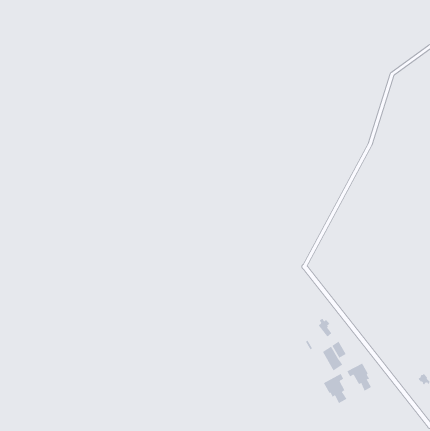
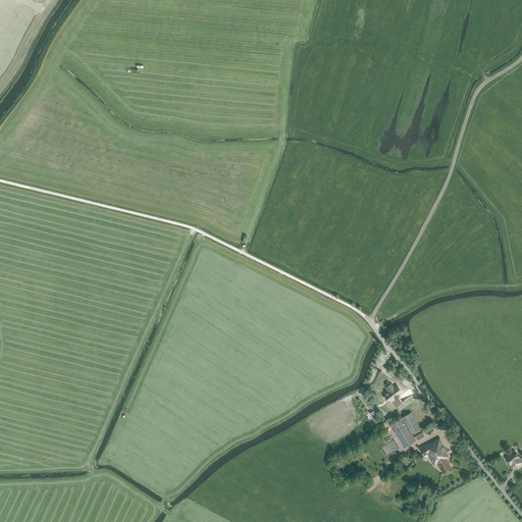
building: [323,373,347,404] -> none

